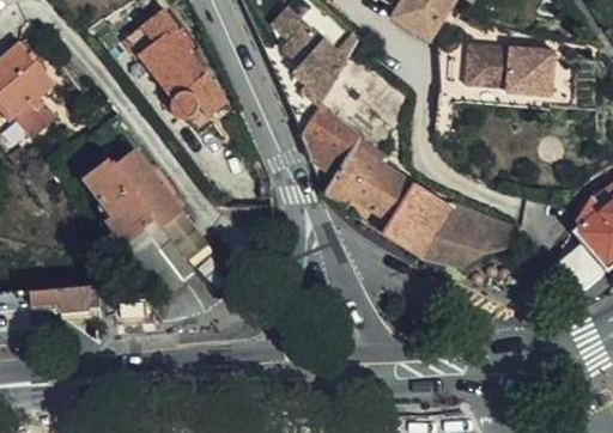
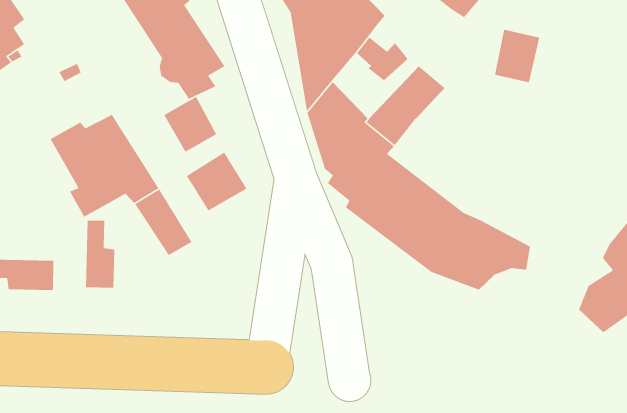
building: [491,45,552,106] -> none
building: none -> [163,96,217,153]
building: none -> [186,151,247,212]
building: none -> [85,220,115,288]

